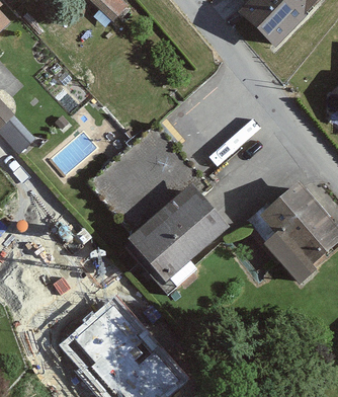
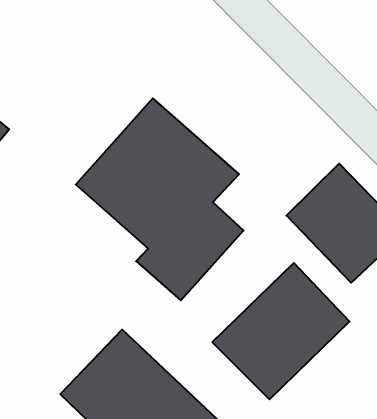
building: none -> [212,263,350,399]

